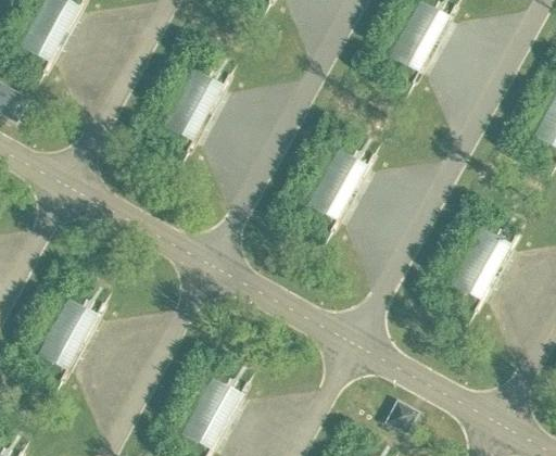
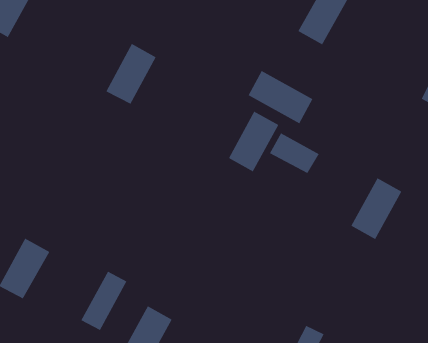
building: none -> [248,70,313,124]
building: none -> [269,132,319,174]
building: none -> [81,271,127,331]

